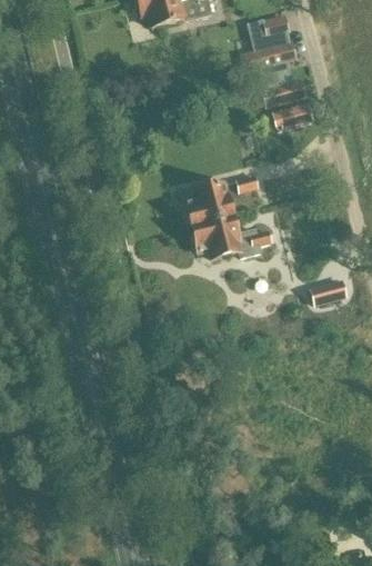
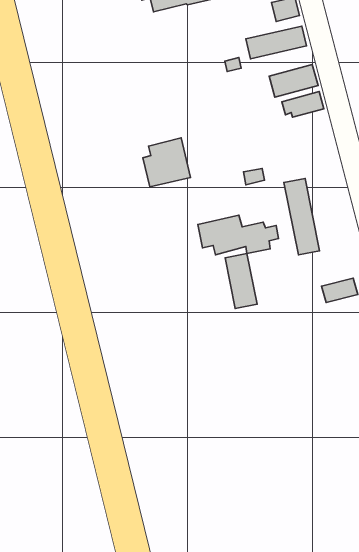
building: [185,181,231,228] -> [143,138,191,187]
building: none -> [284,179,320,255]
building: none -> [225,254,257,308]

